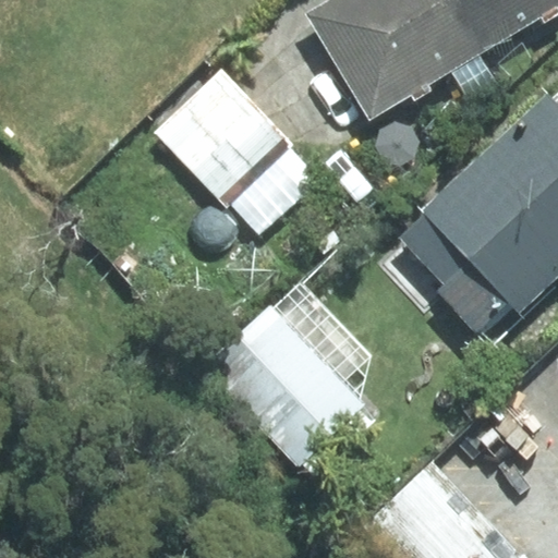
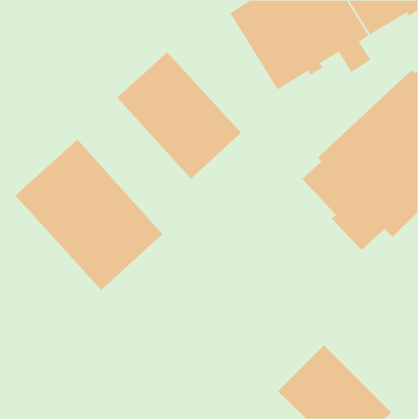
building: none -> [15,139,163,291]
building: [243,287,371,439] -> none

